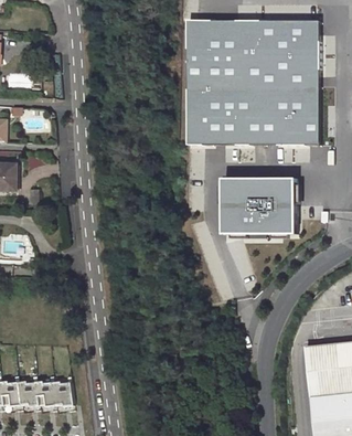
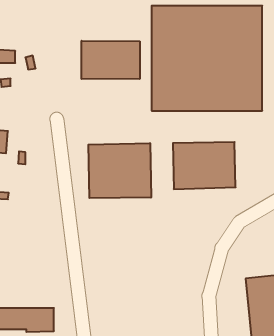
building: none -> [82,41,140,79]
building: none -> [88,143,151,198]

